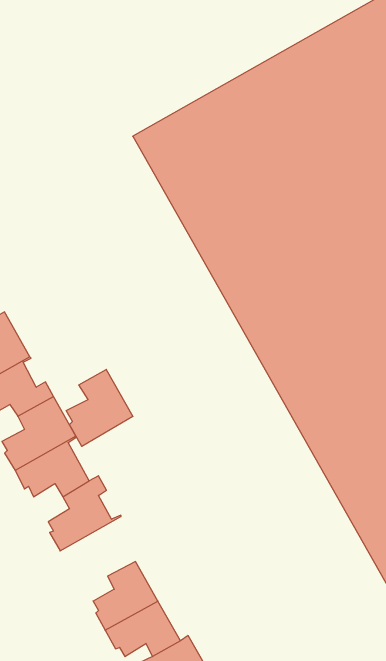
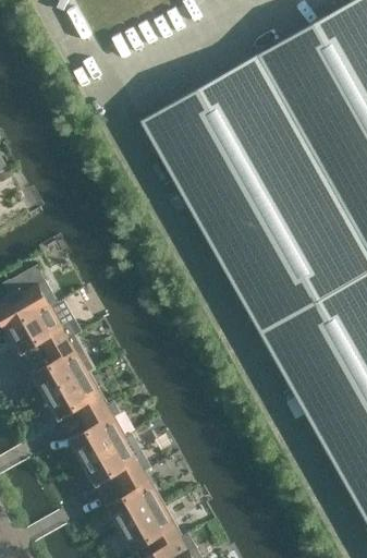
building: [66,369,133,446] -> none
building: none -> [82,436,150,485]

